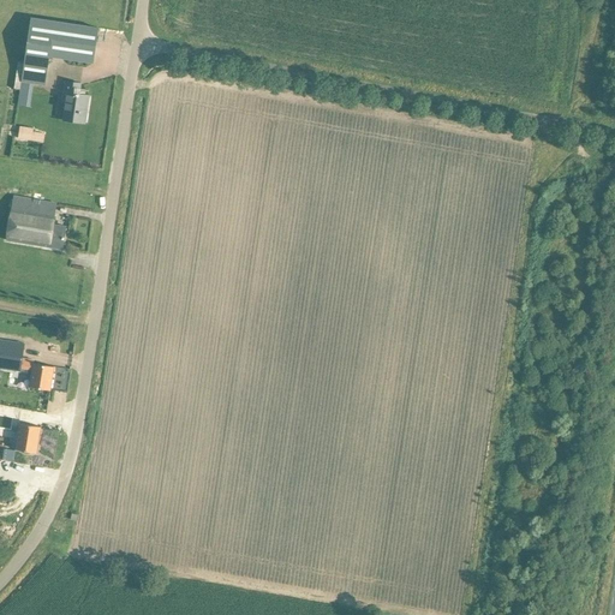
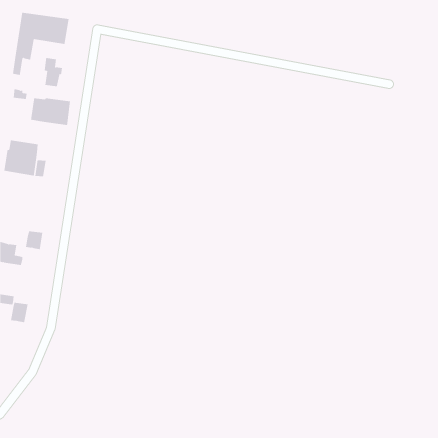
building: none -> [30,97,71,126]
building: [28,363,53,389] -> [25,231,43,250]

